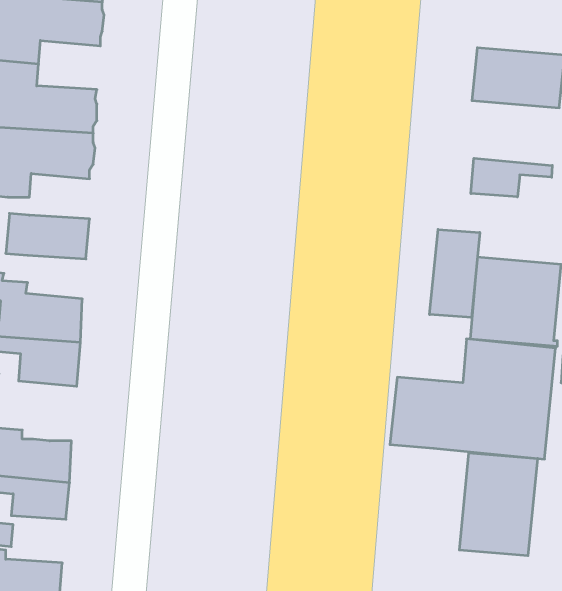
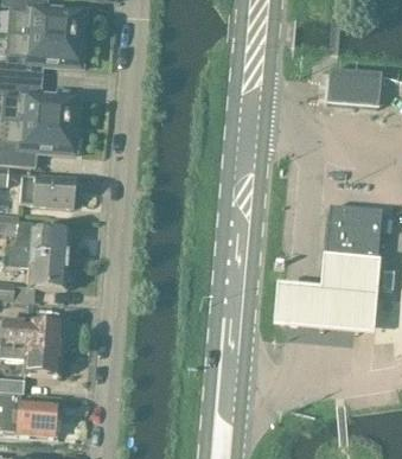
building: [471,158,552,197] -> none
building: [430,229,480,318] -> none
building: [459,453,538,556] -> none

